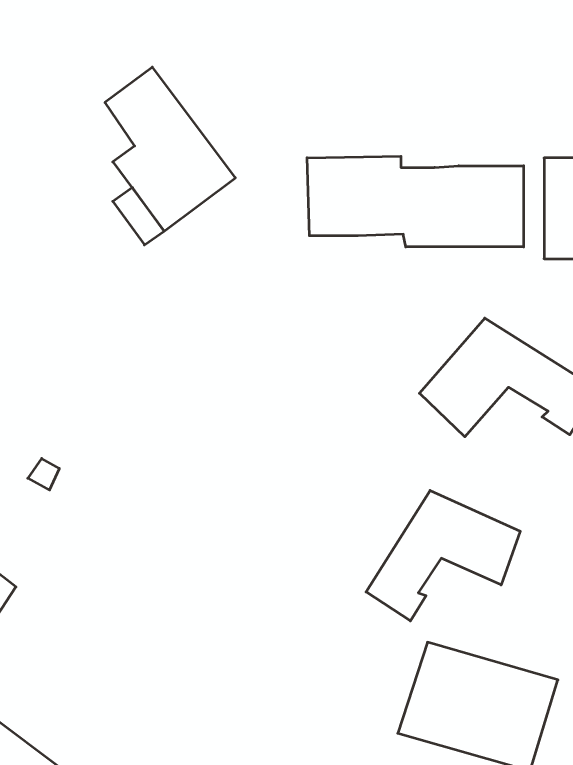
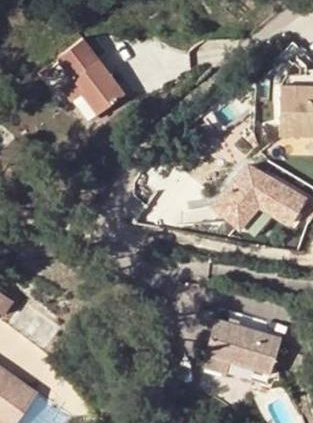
building: [307,156,524,247] -> none
building: [366,490,520,621] -> none

